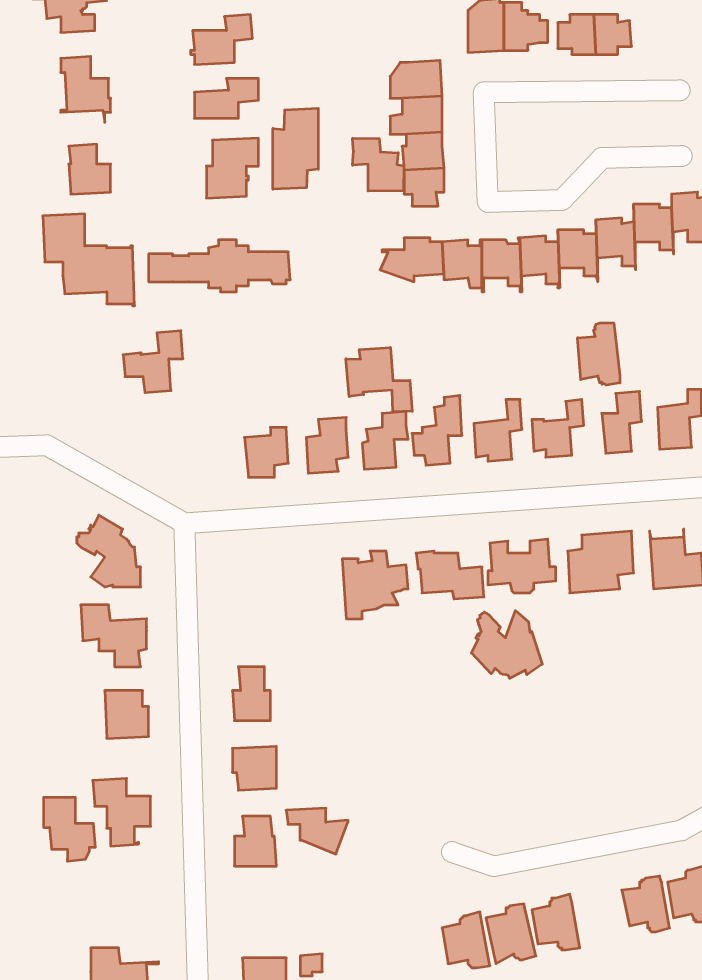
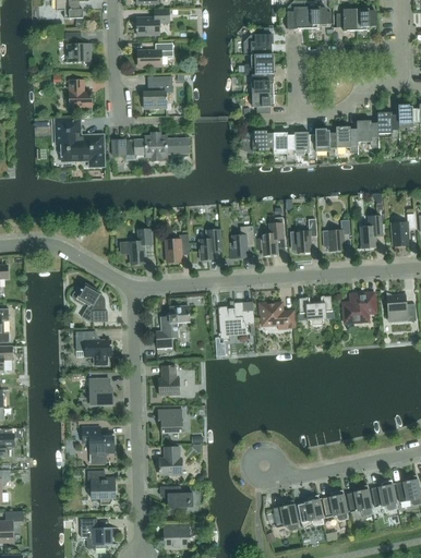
building: [273,108,318,189] -> none
building: [353,138,404,191] -> none
building: [578,323,620,385] -> none
building: [123,331,183,393] -> [119,229,152,263]
building: [346,347,412,412] -> none
building: none -> [156,305,190,348]
building: [471,611,542,678] -> none
building: [44,797,95,861] -> [87,470,116,505]
building: [286,808,348,854] -> [159,485,193,510]
building: none -> [346,484,373,515]

